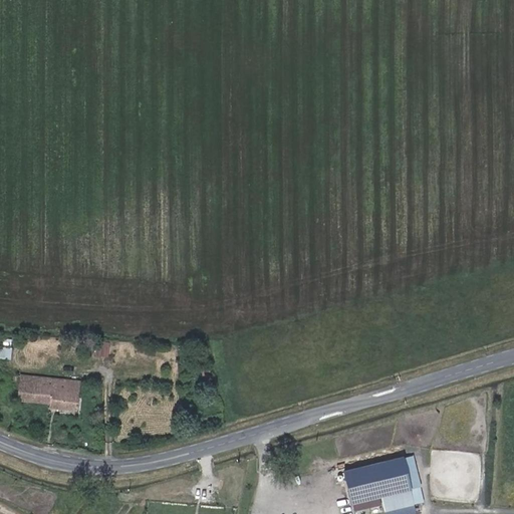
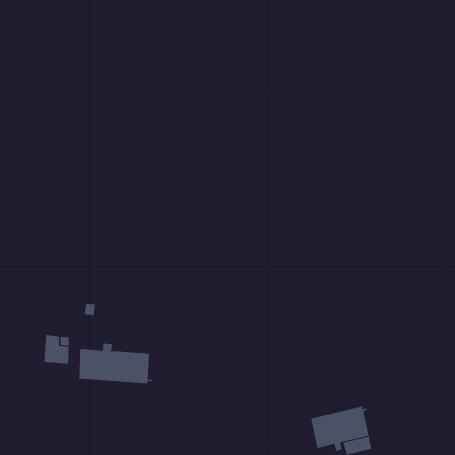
building: [18,373,51,404] -> none
building: none -> [79,343,152,384]

